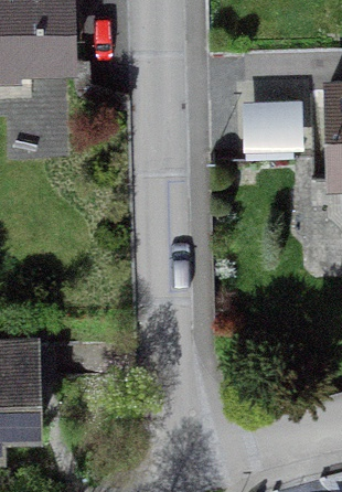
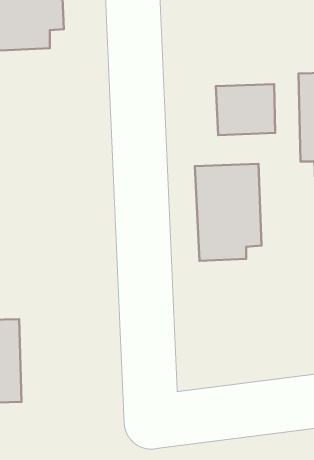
building: none -> [195,164,261,261]

